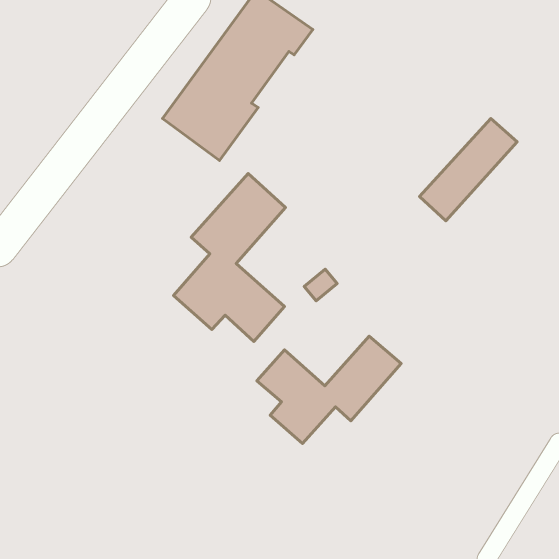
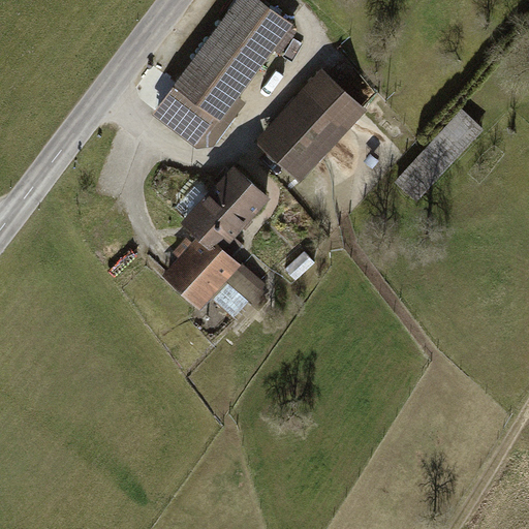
building: none -> [253,68,365,182]
building: [257,336,401,444] -> none

